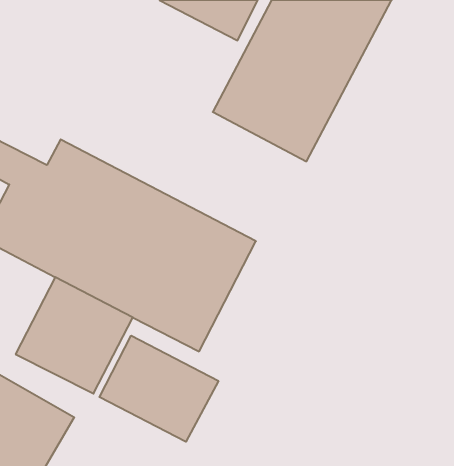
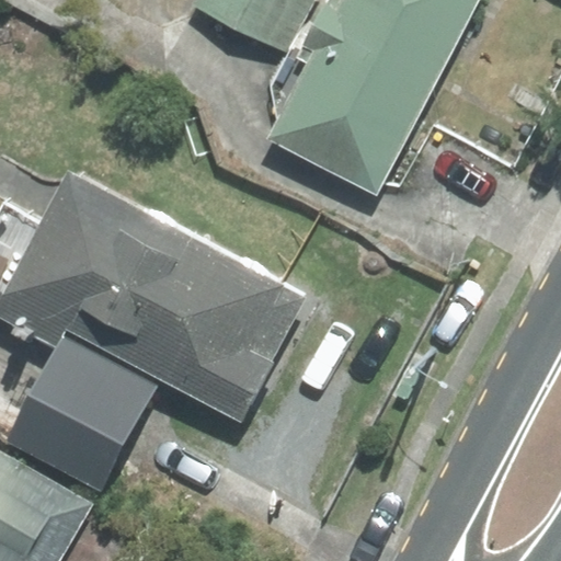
building: [99,336,218,442] -> none

